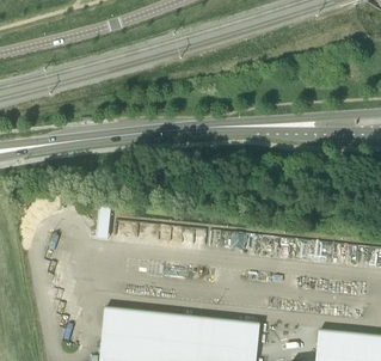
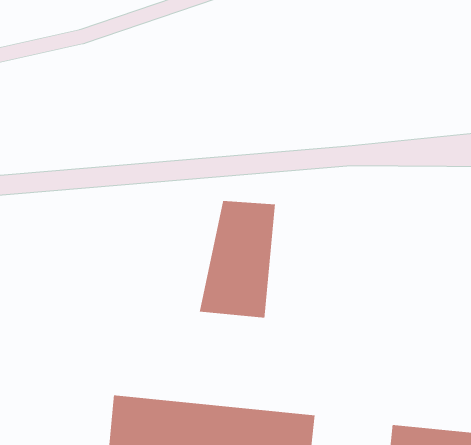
building: none -> [199,200,275,318]

